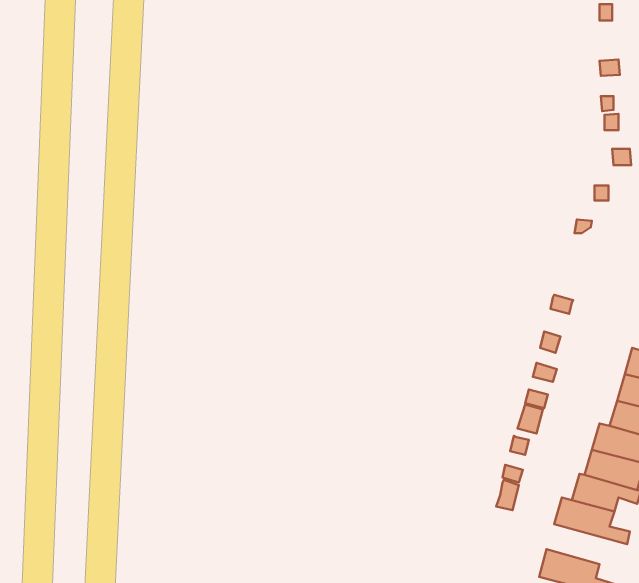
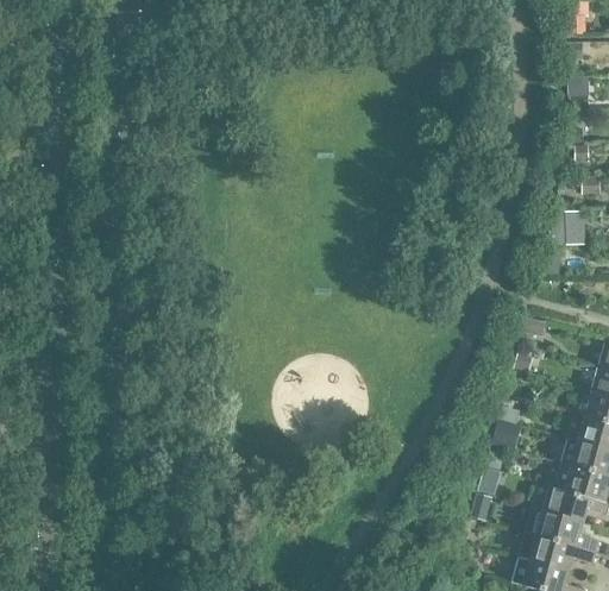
building: none -> [520,534,596,572]

